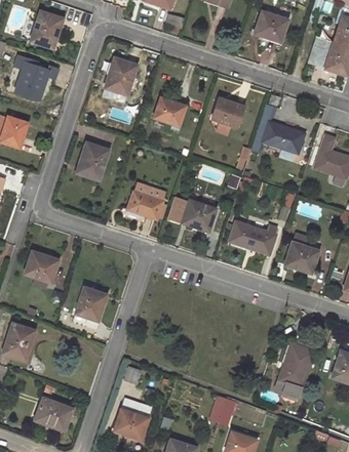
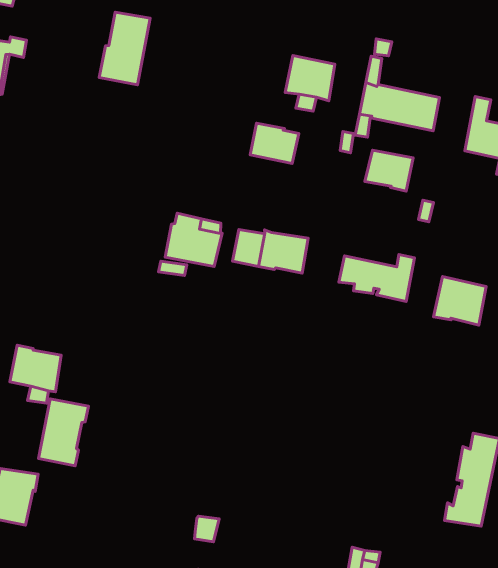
building: [154,98,185,125] -> [250,123,299,163]
building: [76,143,108,179] -> none
building: none -> [365,150,413,191]
building: [73,287,107,329] -> [38,399,88,466]

